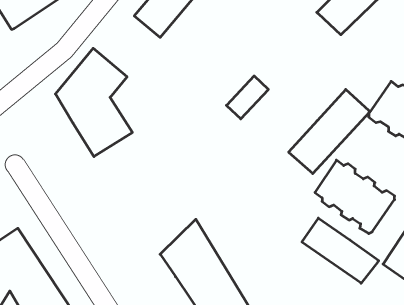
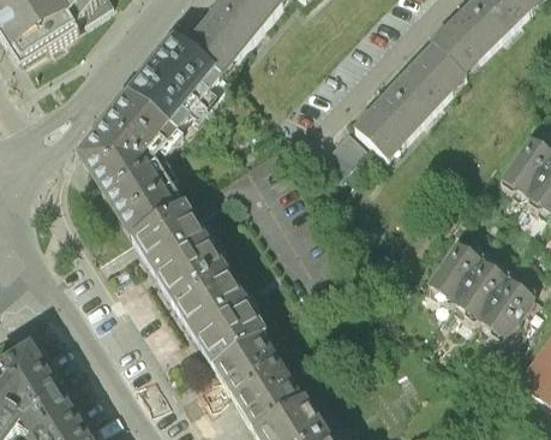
building: none -> [130,38,220,130]
building: [289,89,370,174] -> [354,44,463,157]
building: none -> [131,204,268,368]
building: [302,218,379,283] -> none

